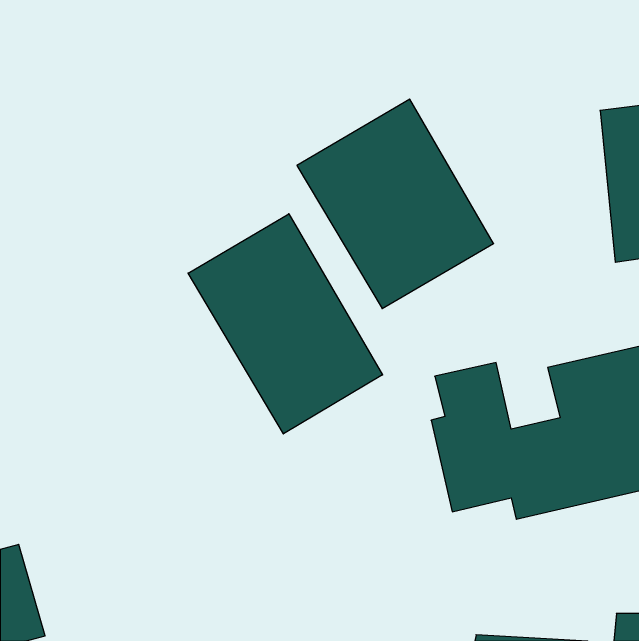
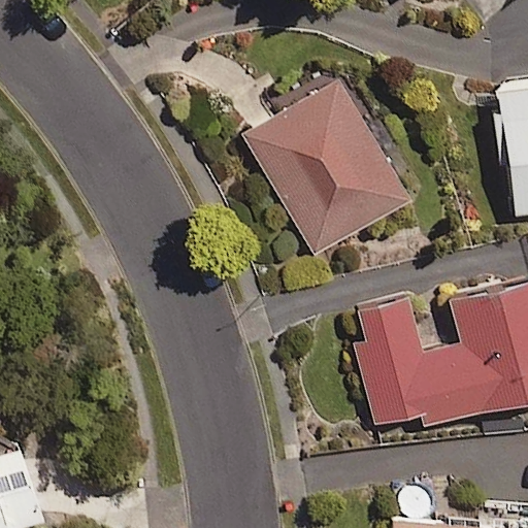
building: [188,214,383,434] -> none

